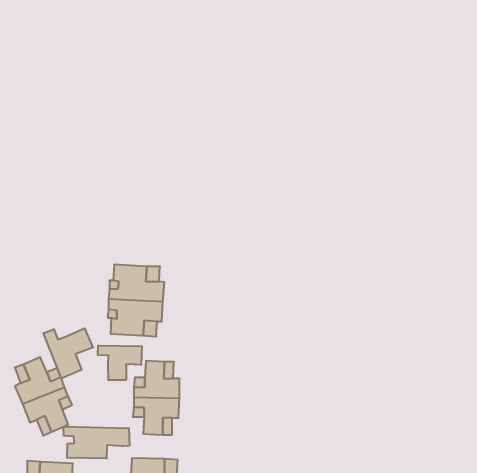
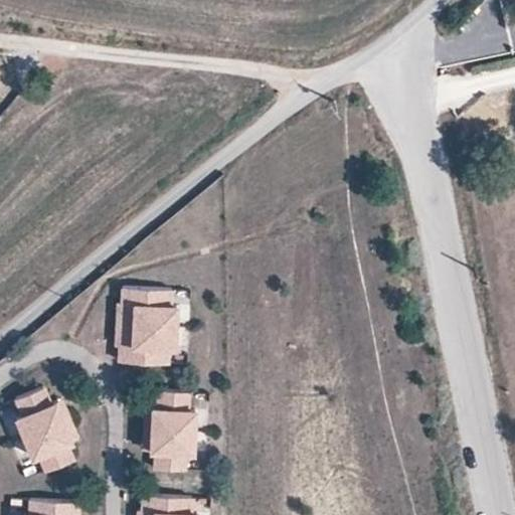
building: [43,328,93,379] -> none
building: [98,345,142,380] -> none
building: [63,427,129,459] -> none

